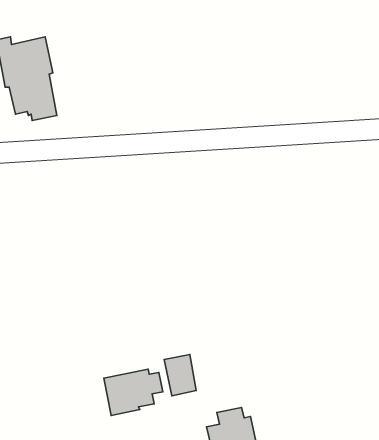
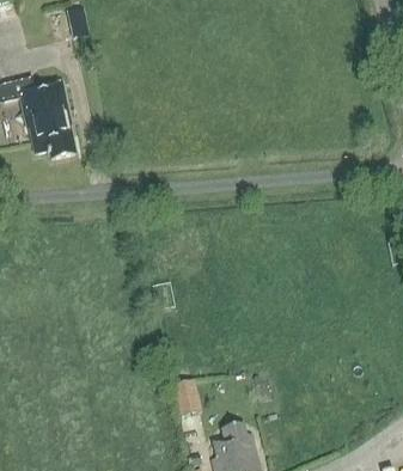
building: [104,369,163,415] -> none

